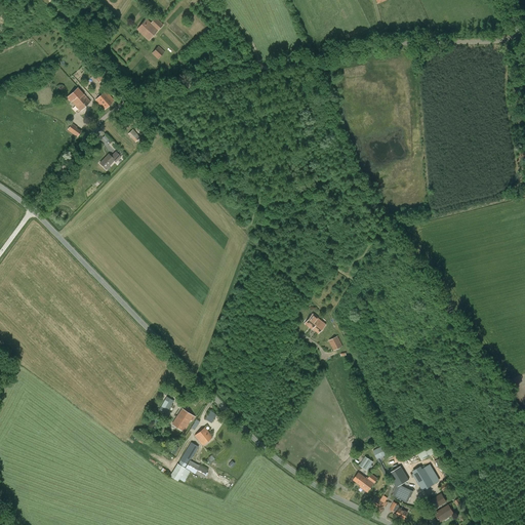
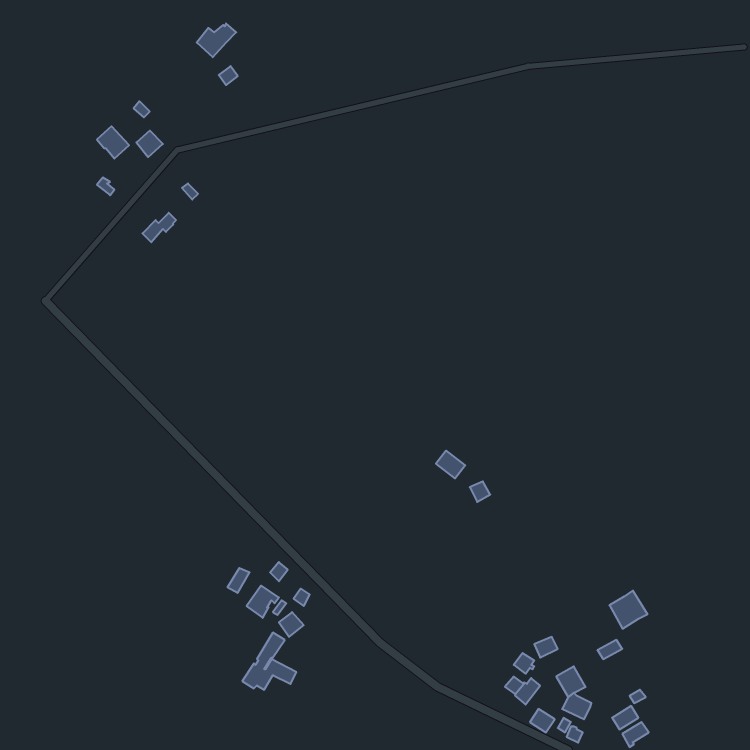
building: [413,465,440,491] -> [609,591,648,629]

